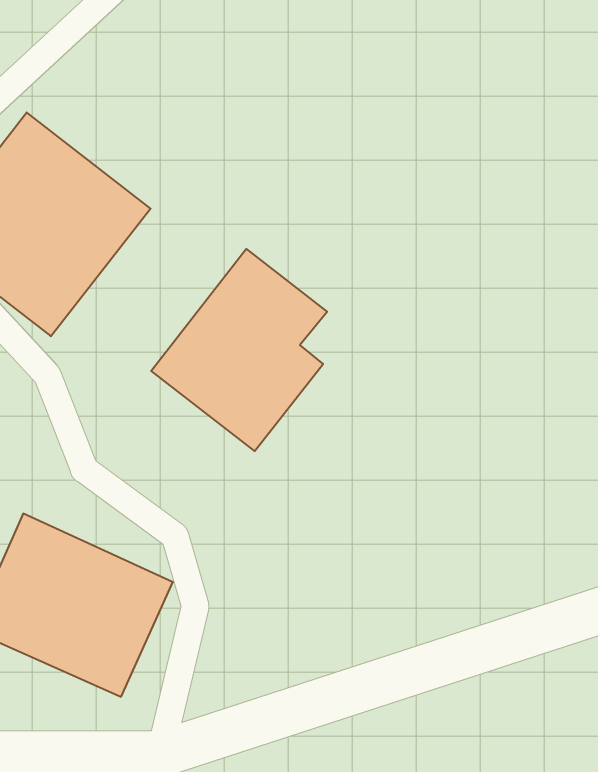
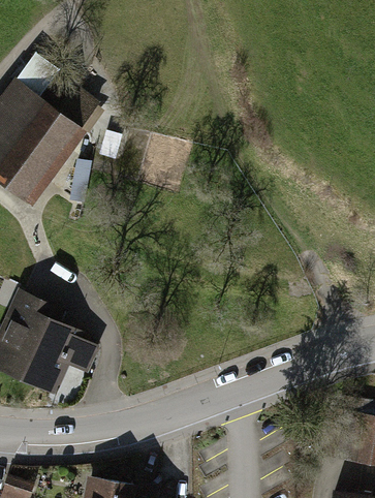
building: [151,249,327,451] -> none

